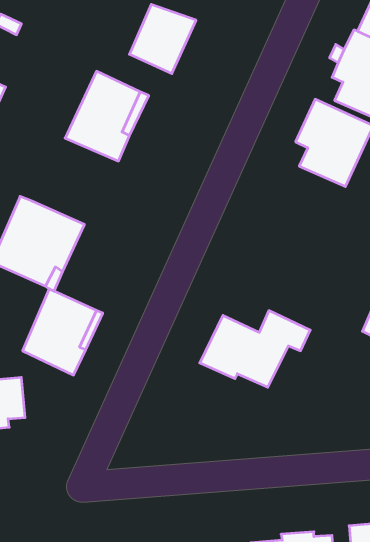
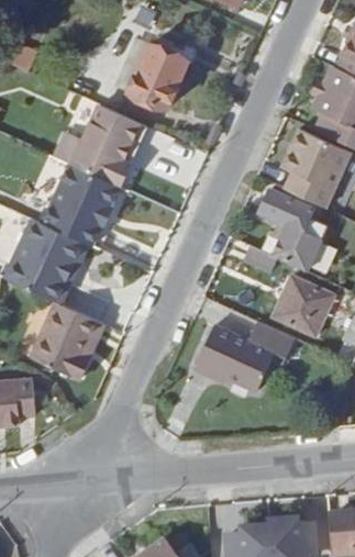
building: none -> [43,161,121,244]
building: none -> [259,189,322,270]
building: none -> [274,275,334,333]

